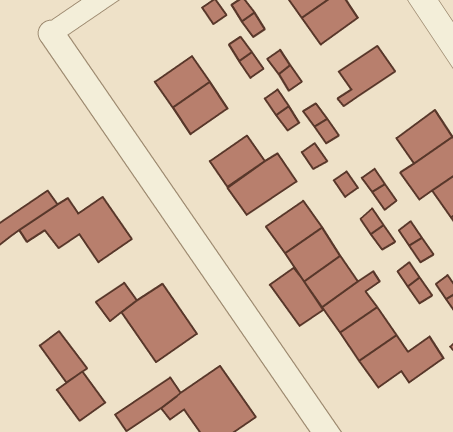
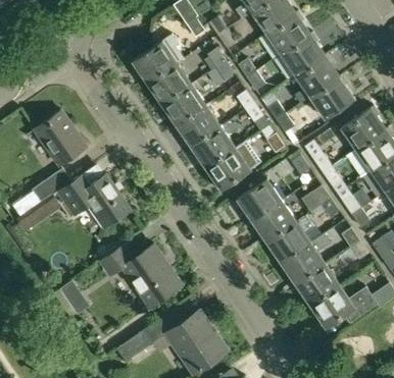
building: none -> [281,33,326,75]
building: none -> [132,35,183,83]
building: none -> [309,75,355,118]
building: none -> [177,105,221,147]
building: none -> [34,110,88,166]
building: [270,268,323,326] -> none
building: [57,372,105,421] -> none

